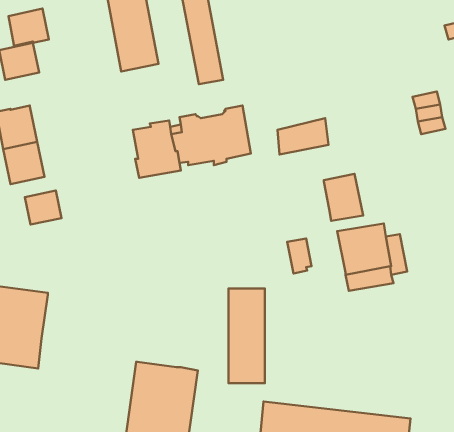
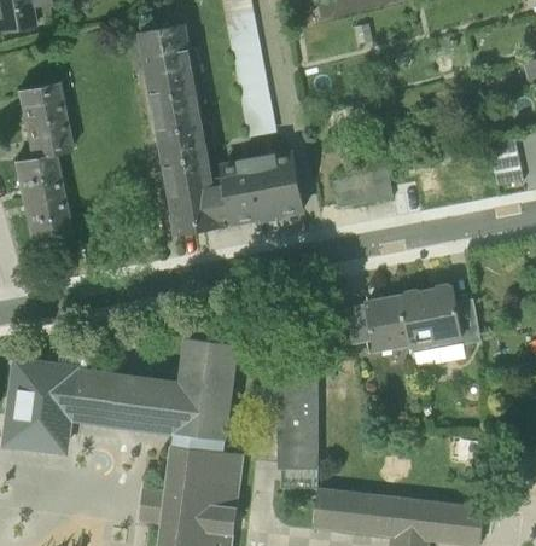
building: [8,9,49,46] -> [25,116,71,158]
building: none -> [157,106,211,181]
building: [324,174,363,221] -> [367,296,412,349]
building: [25,191,62,225] -> none
building: none -> [66,337,239,451]

